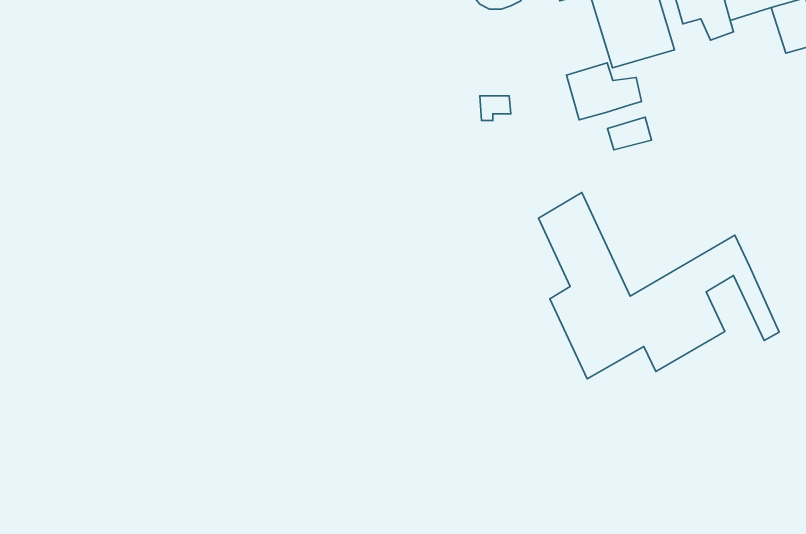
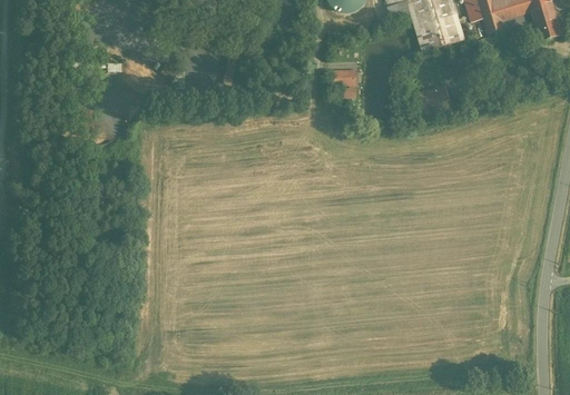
building: [566,63,642,120] -> none
building: [538,192,779,379] -> none

